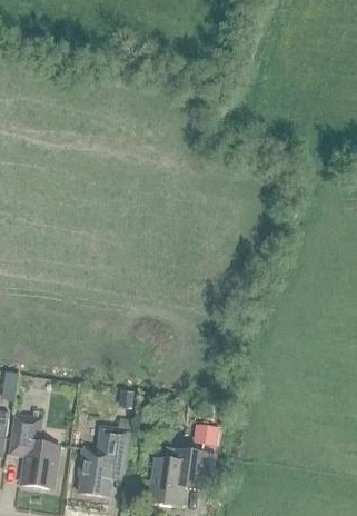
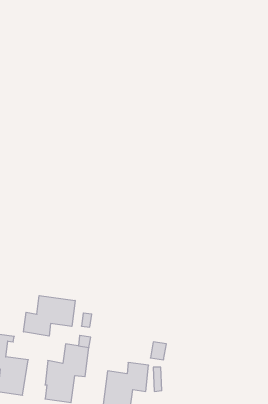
building: none -> [24,296,75,336]

